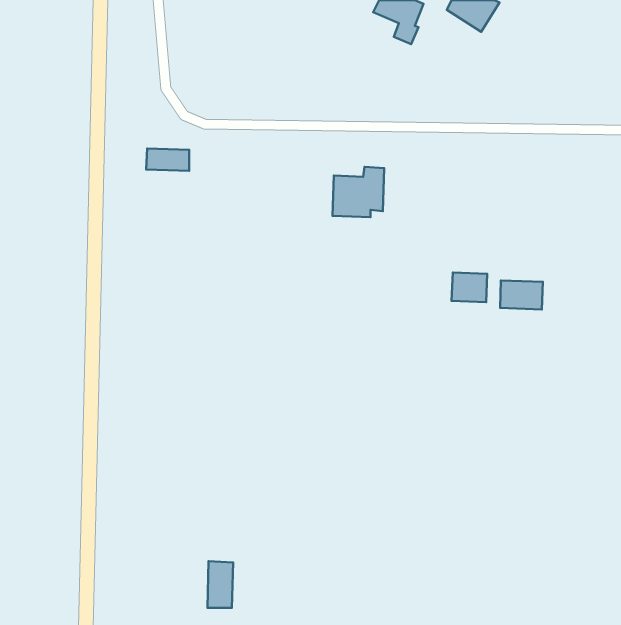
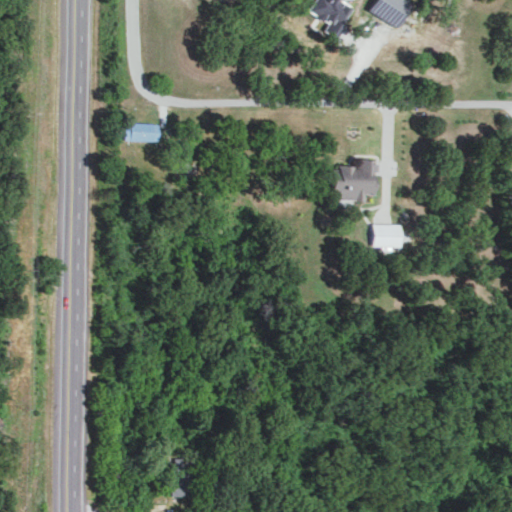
building: [333,167,384,217] -> [336,159,378,200]
building: [500,281,543,309] -> none

